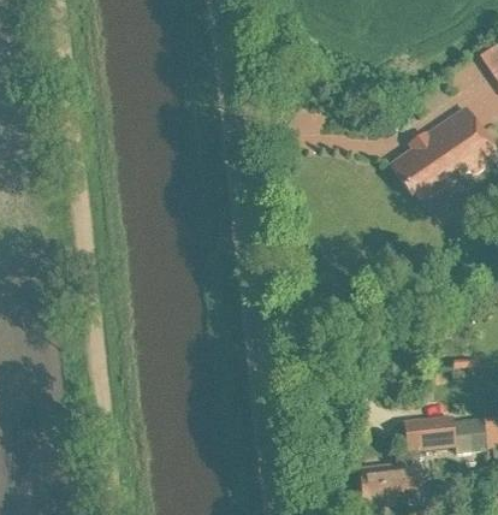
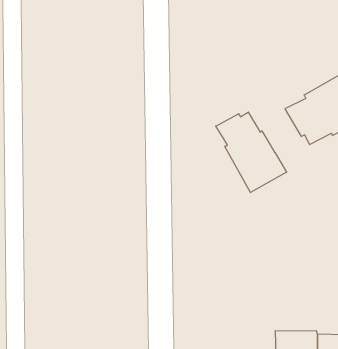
building: none -> [216,112,287,193]

